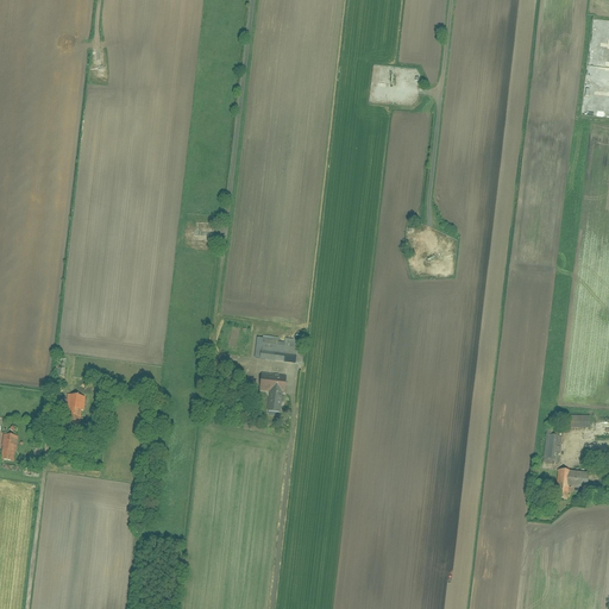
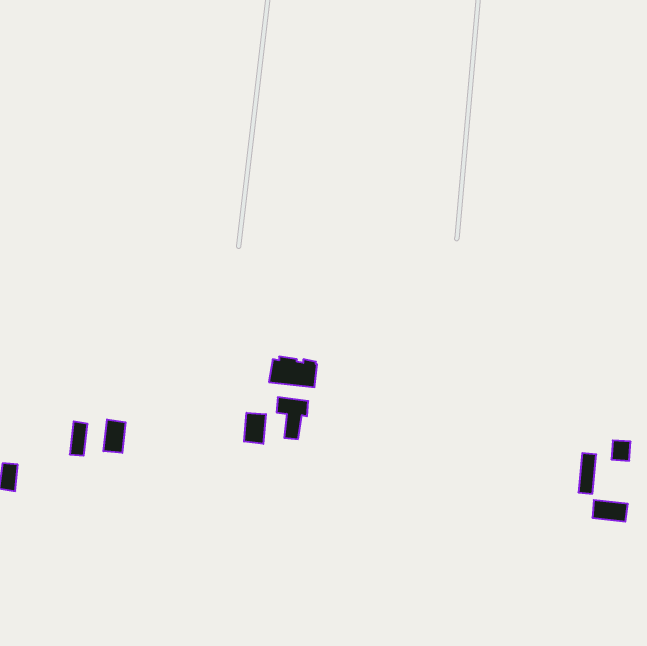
building: none -> [244,413,266,444]
building: none -> [103,419,126,453]

